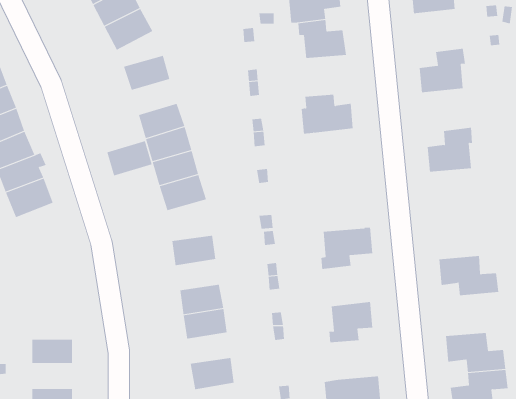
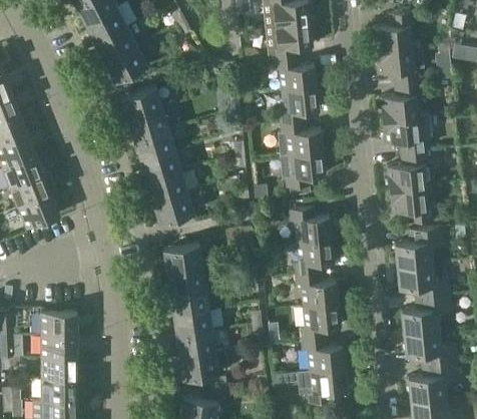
building: none -> [375,46,419,83]
building: none -> [279,86,319,122]
building: none -> [382,114,432,152]
building: none -> [286,150,325,187]
building: [107,141,152,176] -> [128,107,168,138]
building: none -> [389,184,434,222]
building: none -> [289,207,332,241]
building: none -> [394,226,445,265]
building: none -> [166,265,205,292]
building: none -> [295,271,338,306]
building: none -> [401,294,451,332]
building: none -> [41,312,77,335]
building: none -> [176,329,215,356]
building: none -> [302,336,345,370]
building: none -> [41,356,77,378]

